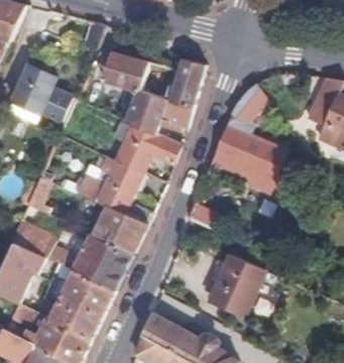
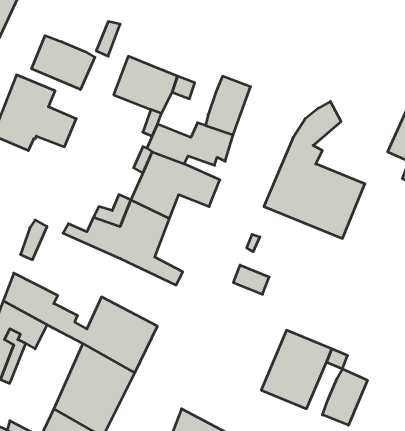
building: none -> [32,36,95,90]
building: [89,202,145,253] -> none
building: none -> [322,369,367,425]

